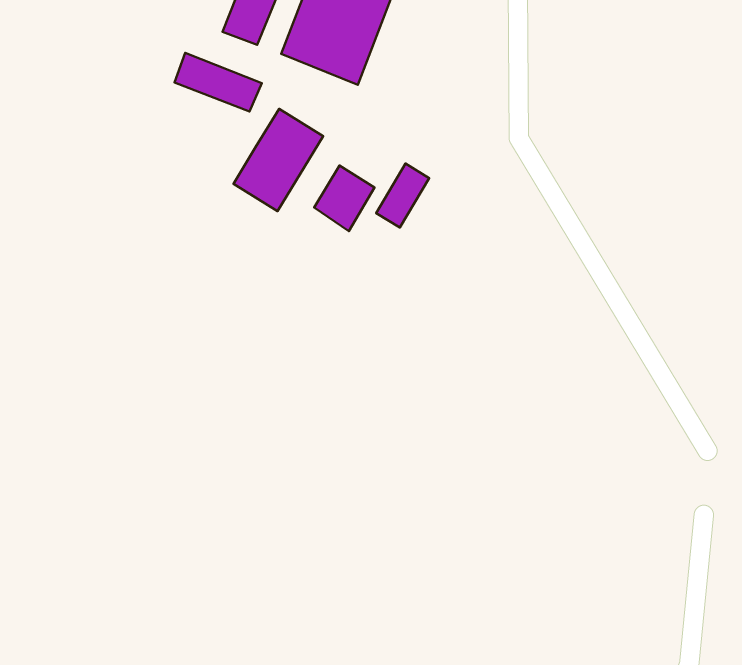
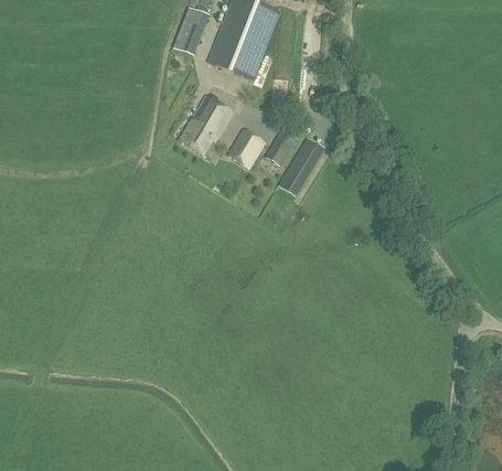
building: [174,53,262,112] -> none
building: none -> [278,136,324,195]

